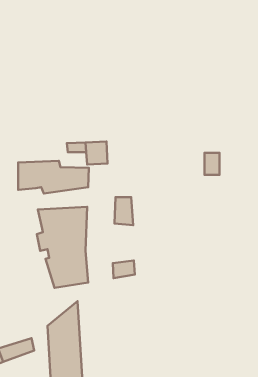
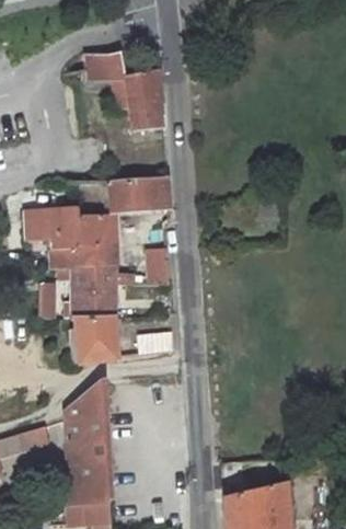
building: none -> [90,60,166,130]
building: none -> [137,181,173,209]
building: none -> [47,239,114,266]

